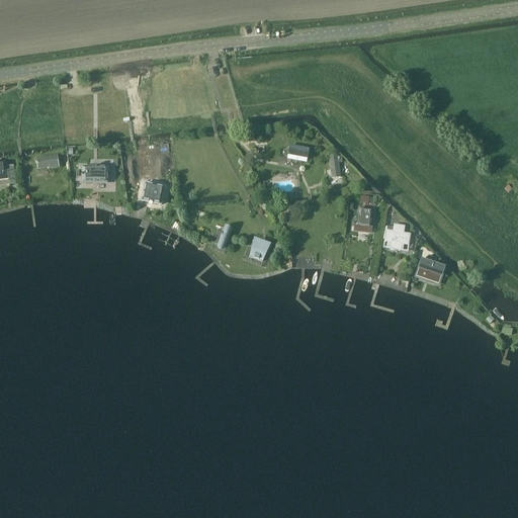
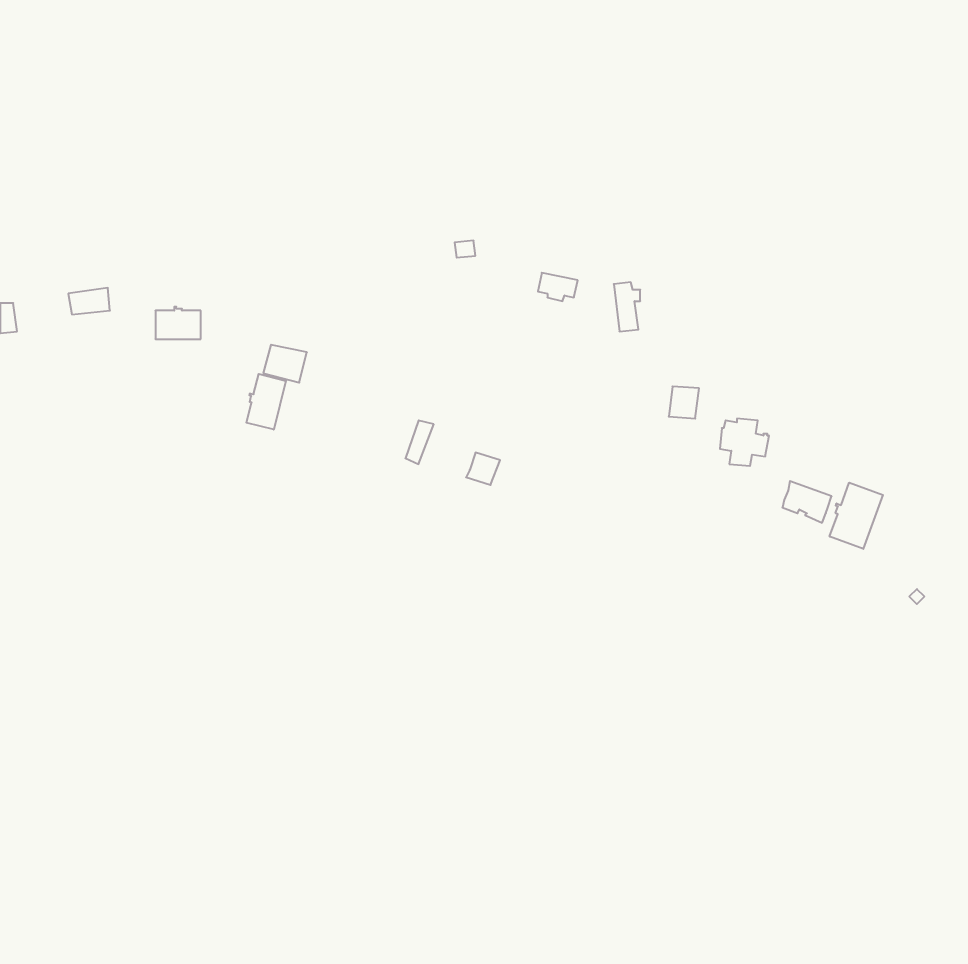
building: none -> [246,374,286,430]
building: none -> [830,483,883,549]

